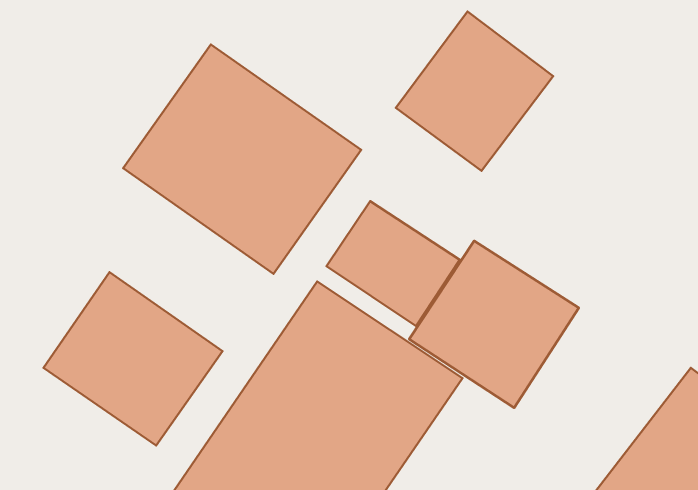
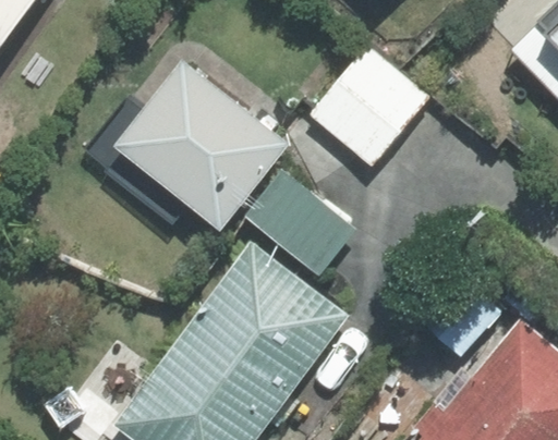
building: [409,241,579,408] -> none
building: [43,272,222,445] -> none

